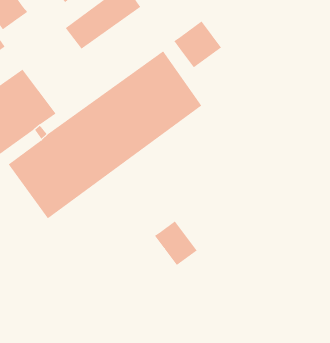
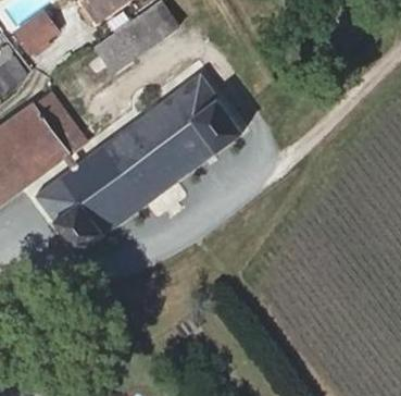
building: [173,21,222,68] -> none
building: [154,221,197,266] -> none

